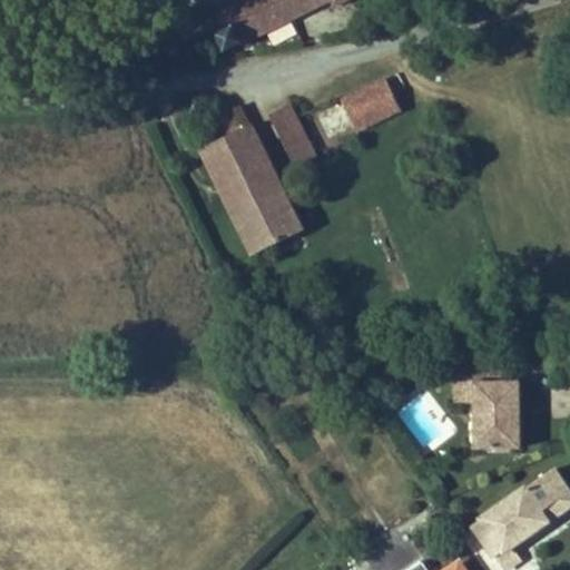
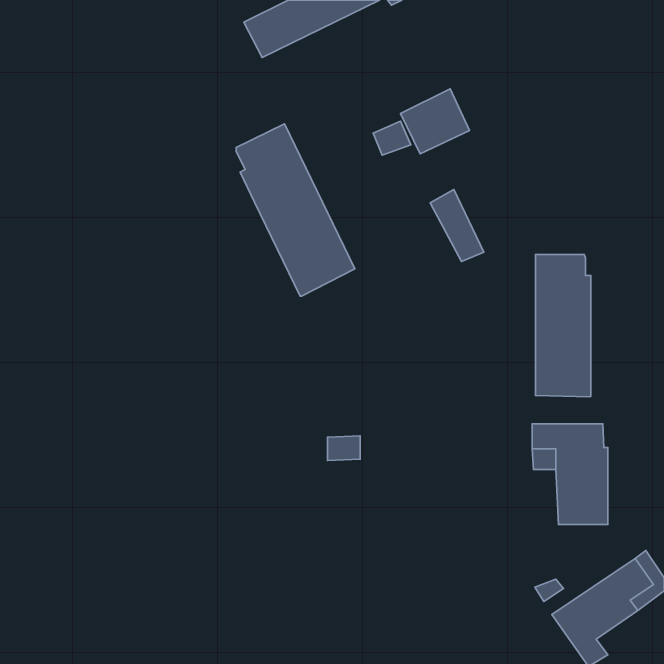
building: [272,106,317,167] -> [430,190,484,261]
building: none -> [535,255,591,397]

